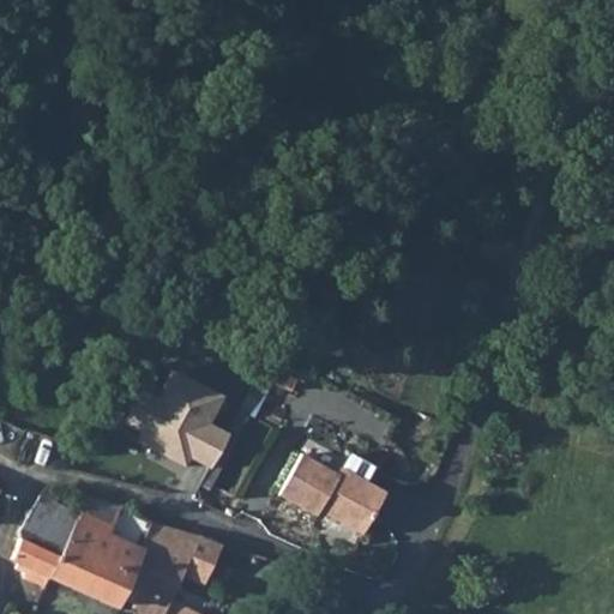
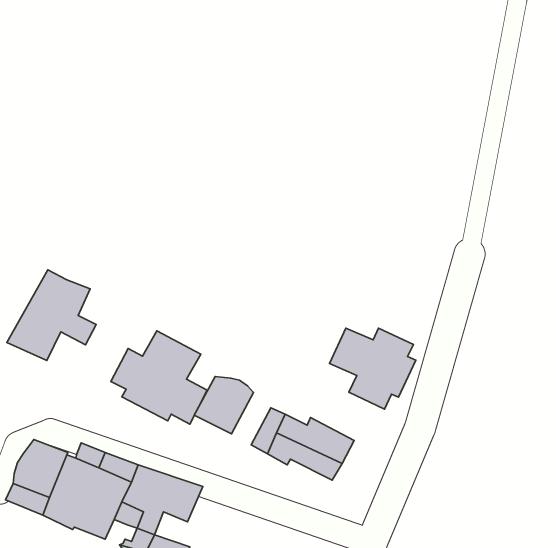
building: none -> [7,270,96,361]
building: none -> [329,328,416,409]
building: none -> [194,377,253,434]

